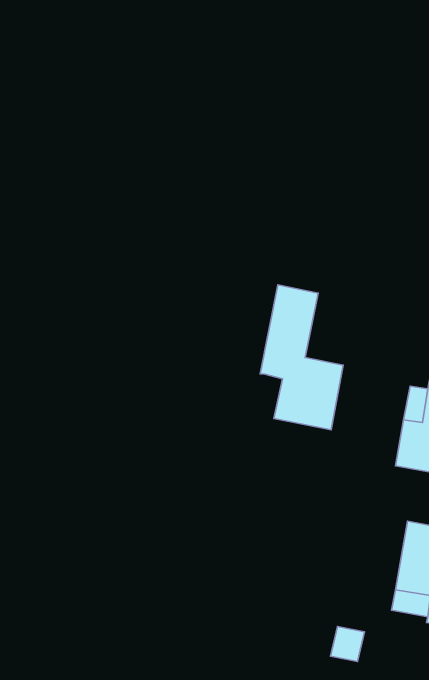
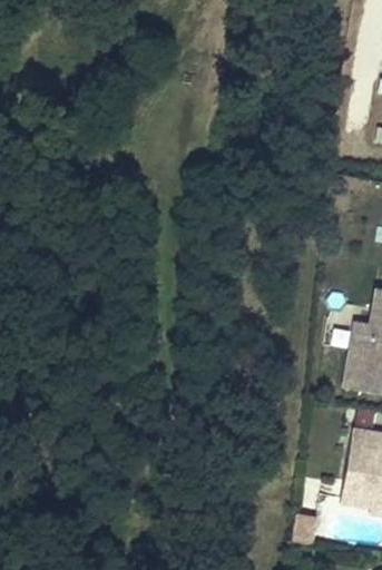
building: [260,285,343,430] -> none

